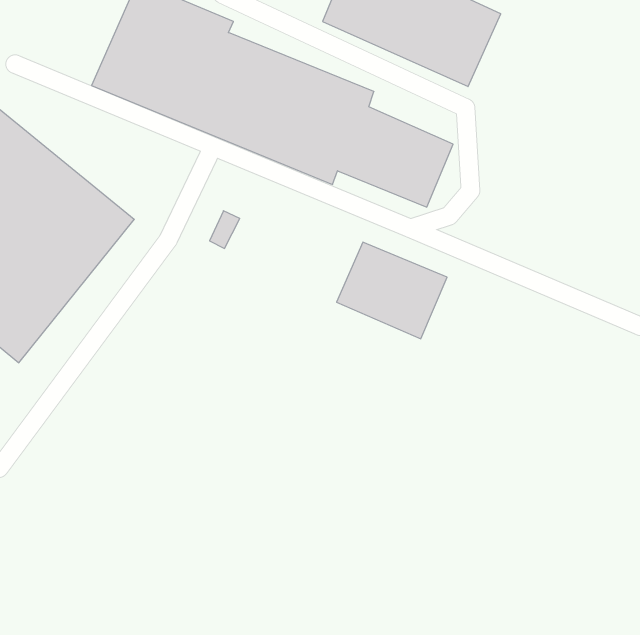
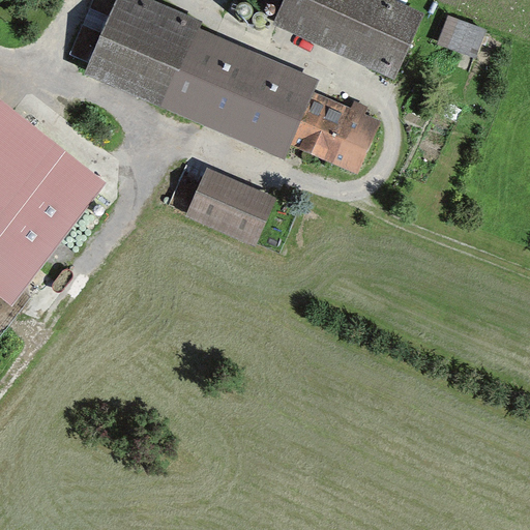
building: none -> [438,16,483,57]
building: [337,242,447,339] -> [185,169,276,248]

